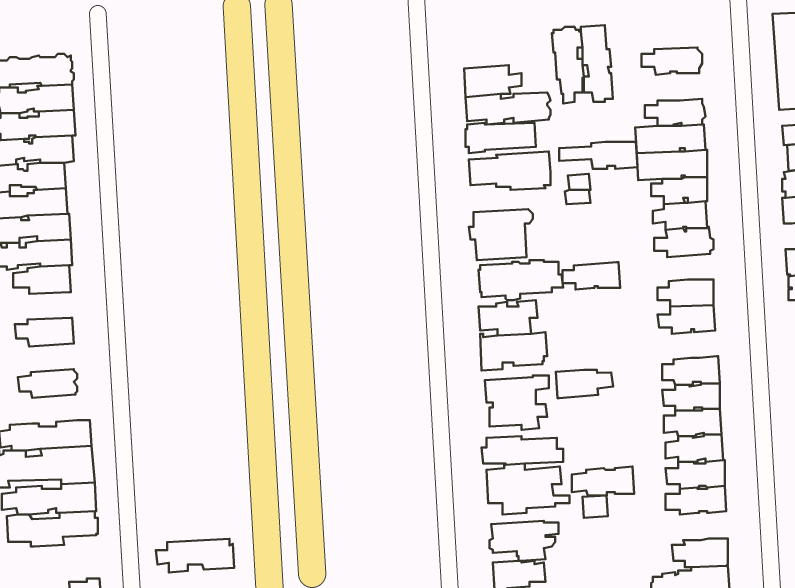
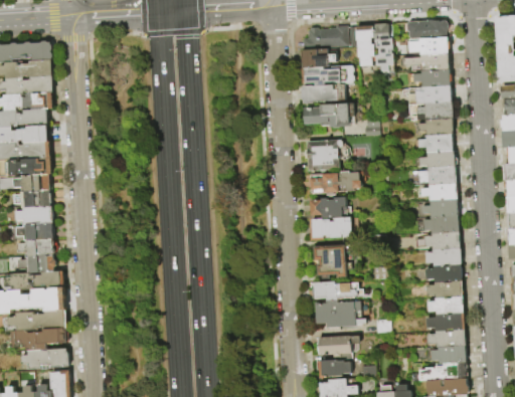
building: none -> [405,19,447,38]
building: none -> [301,25,346,49]
building: [559,142,638,169] -> [399,53,449,70]
building: [563,262,620,289] -> [419,167,456,184]
building: none -> [15,191,52,208]
building: none -> [422,215,458,233]
building: none -> [18,223,54,241]
building: [556,370,613,398] -> none
building: none -> [19,255,56,273]
building: [572,467,634,495] -> [425,329,465,347]
building: [156,539,234,573] -> [21,349,70,370]

